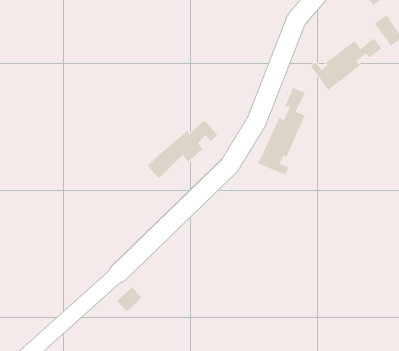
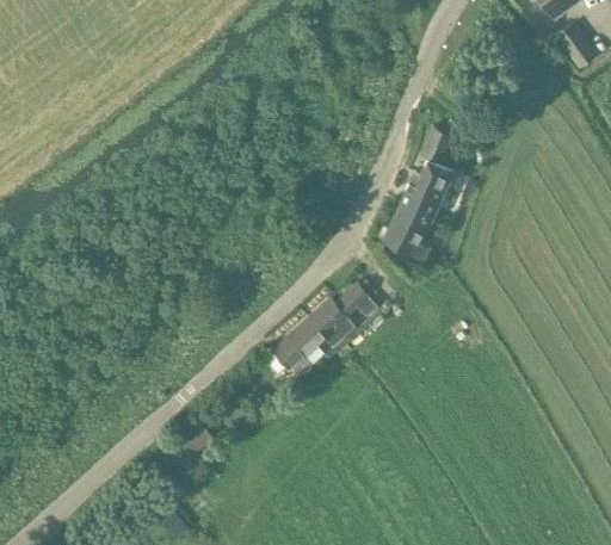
building: [310,37,382,91] -> none
building: [147,119,218,179] -> [272,284,377,371]

